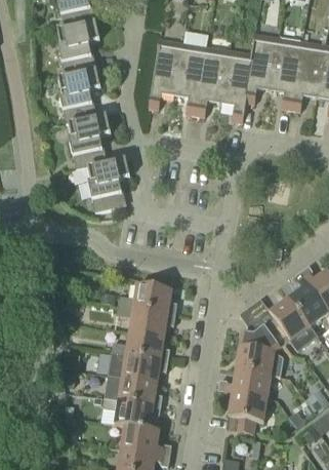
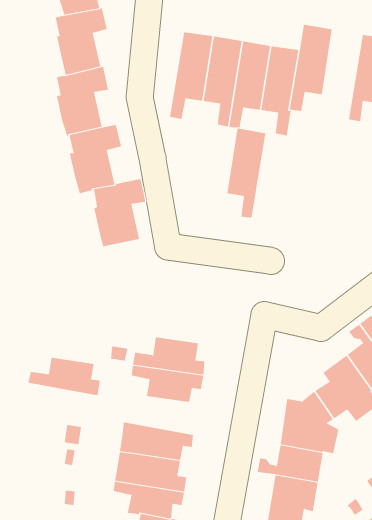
building: [270,38,301,110] -> [226,128,266,218]
building: [111,330,169,361] -> [28,357,101,396]

